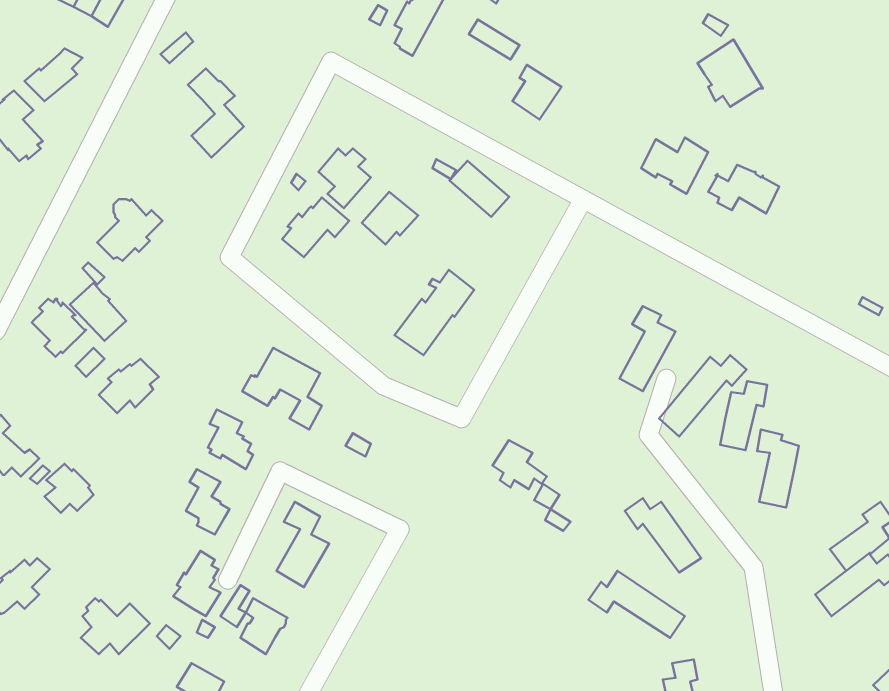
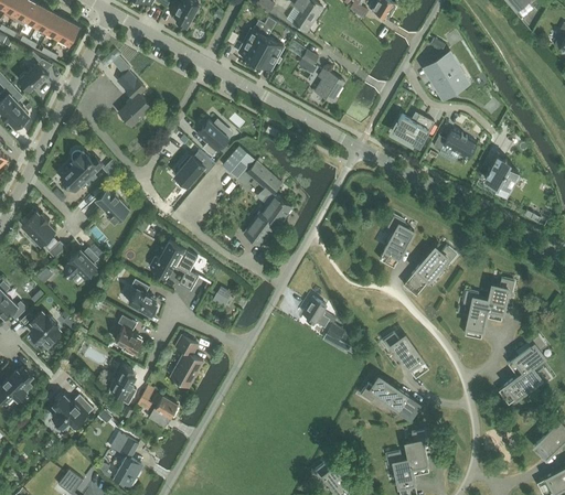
building: none -> [254,37,282,72]
building: [449,161,509,217] -> [246,161,282,195]
building: none -> [484,154,519,196]
building: [70,283,126,341] -> [95,186,129,222]
building: [720,381,767,450] -> [486,279,514,321]

